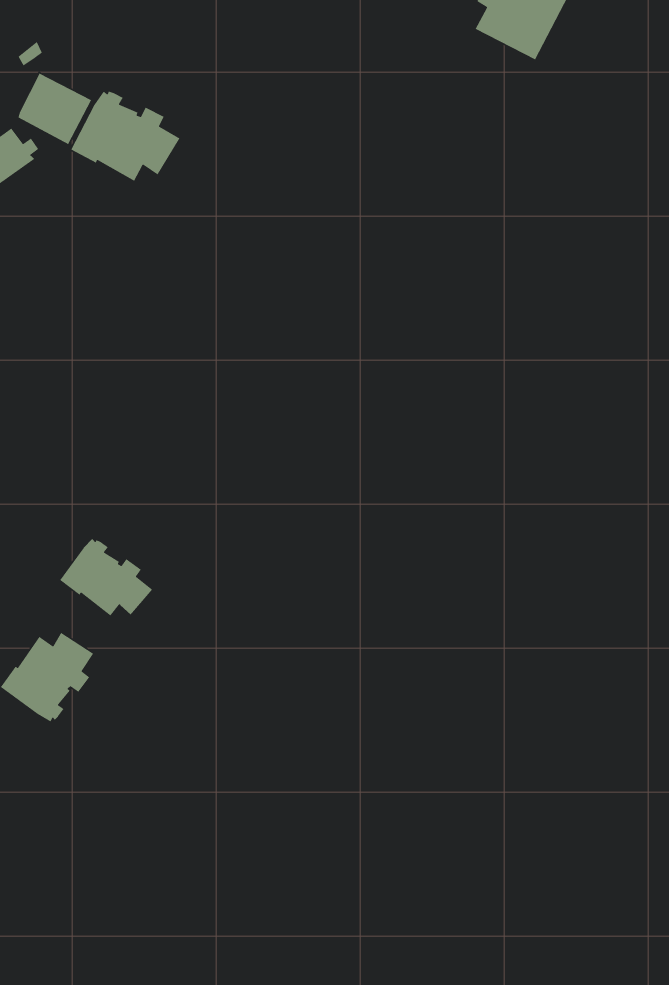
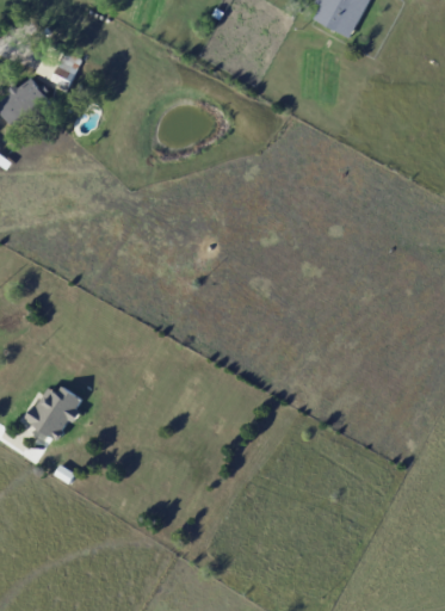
building: [70,91,180,182] -> none
building: [59,538,153,617] -> none

